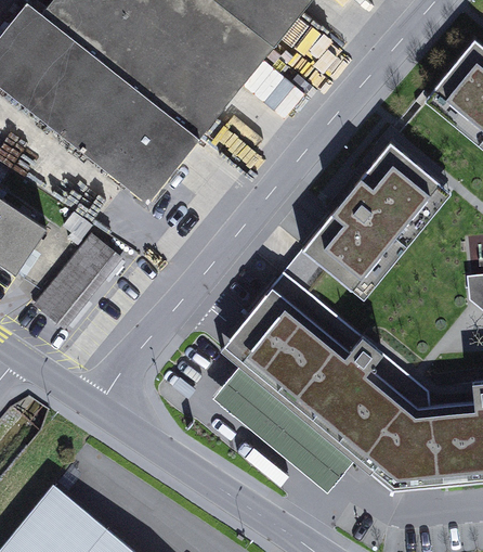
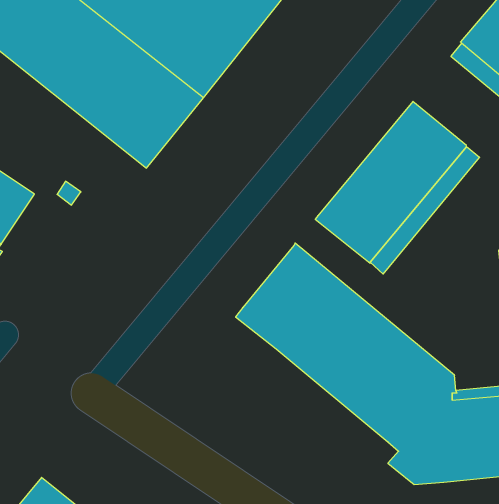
building: [36,234,120,328] -> none
building: [212,338,377,492] -> none

